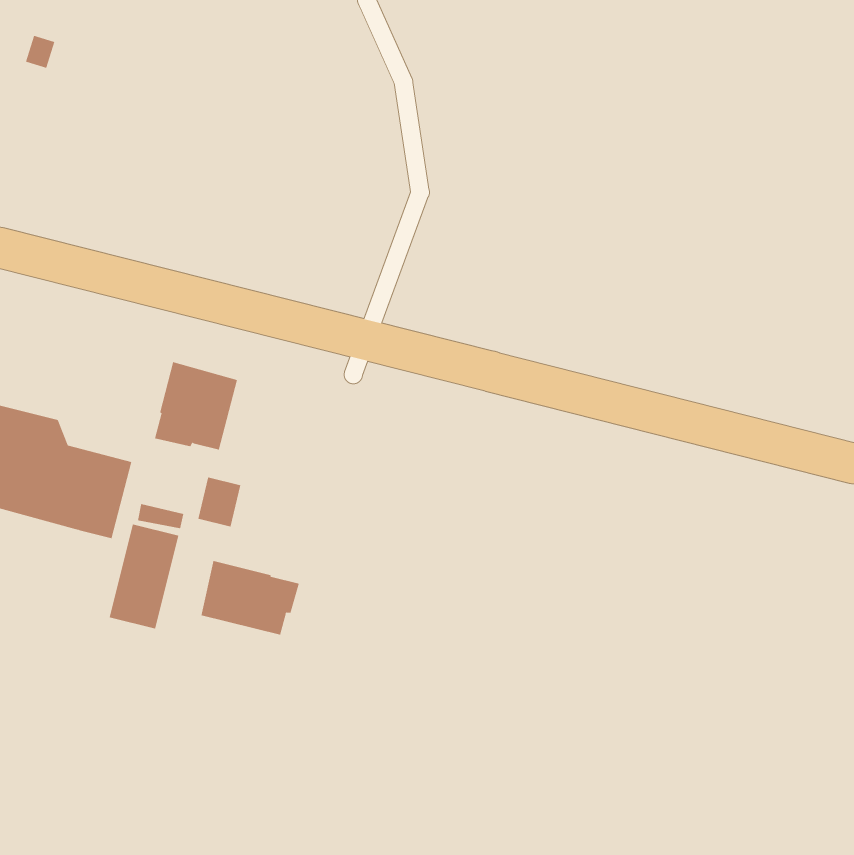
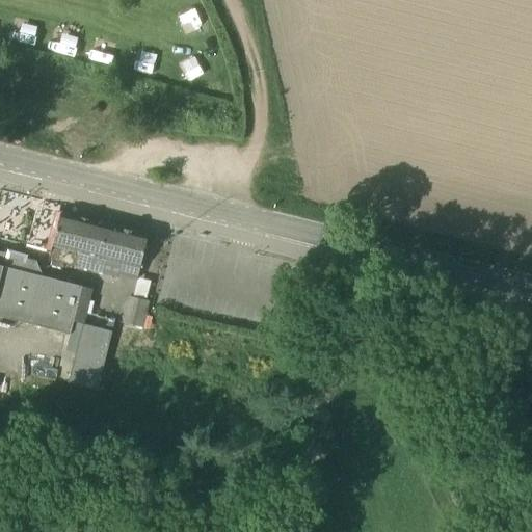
building: none -> [48,213,107,272]
building: [201,560,300,636] -> none

